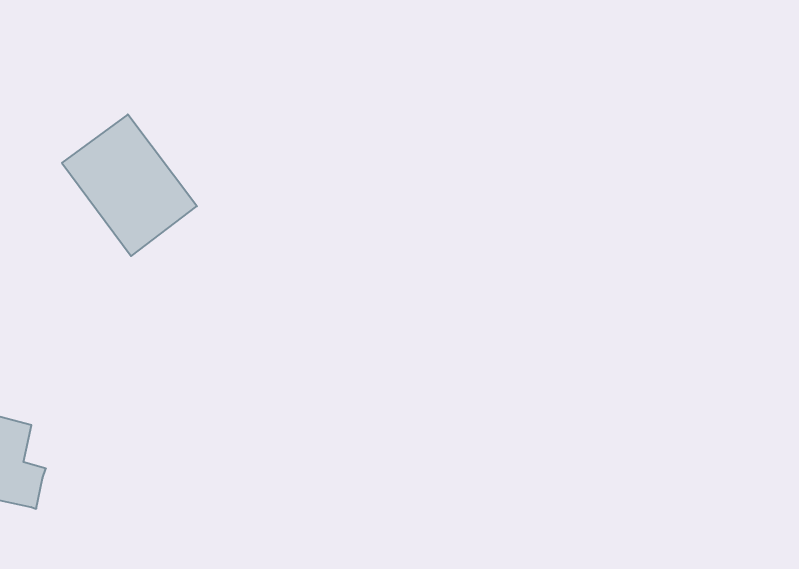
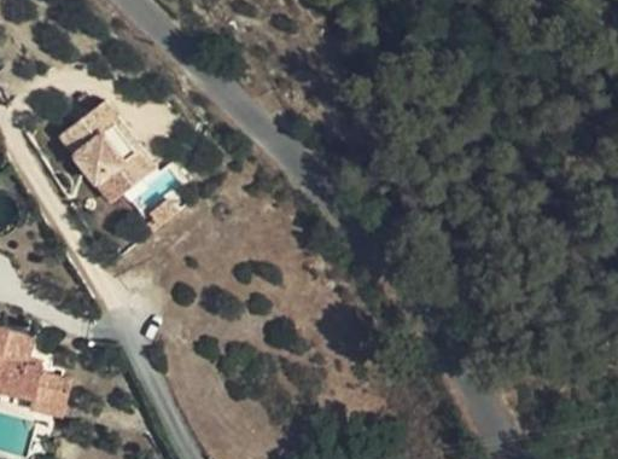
building: none -> [30,373,72,417]

